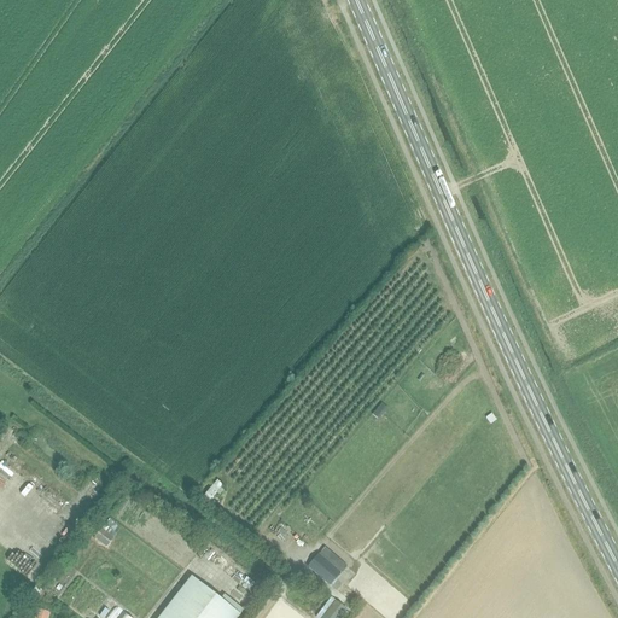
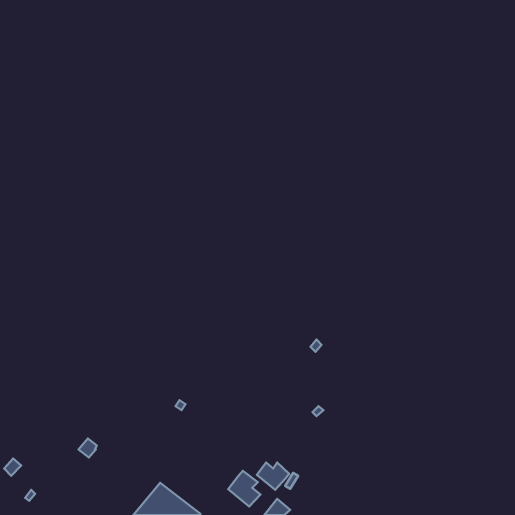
building: none -> [228,471,261,507]

